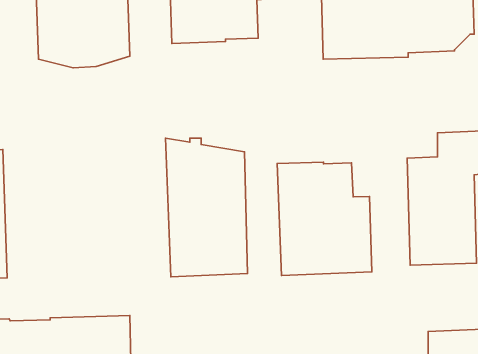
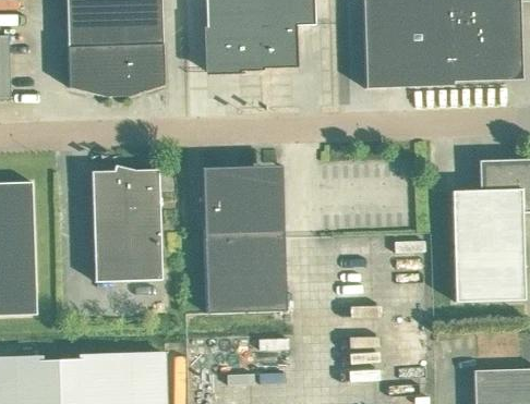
building: none -> [92,164,162,281]
building: [277,162,372,275] -> none

